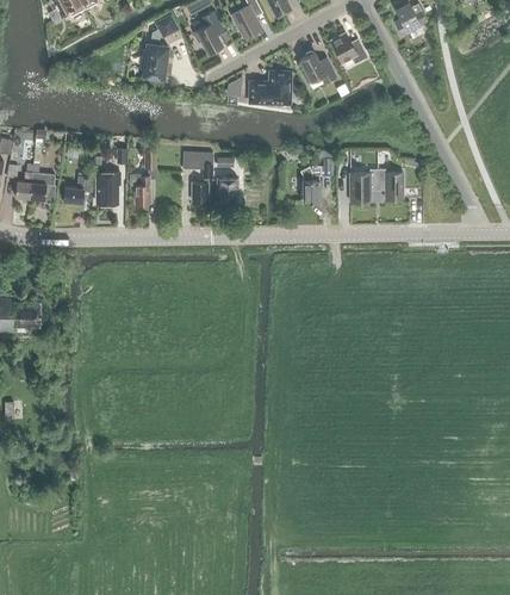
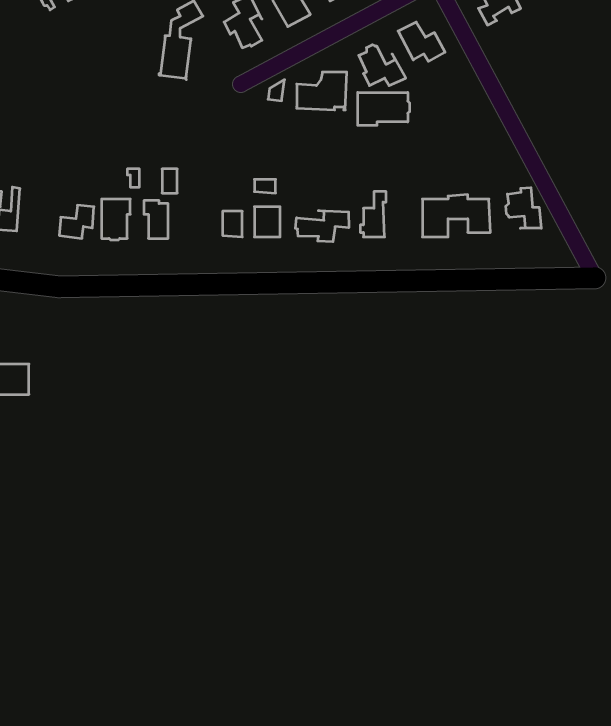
building: none -> [358,92,410,125]
building: [182,151,212,178] -> none
building: none -> [506,188,541,228]
building: [30,165,56,200] -> none
building: none -> [295,211,349,242]

